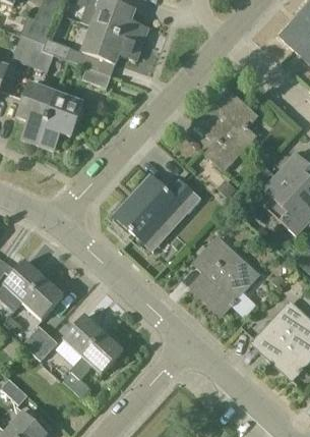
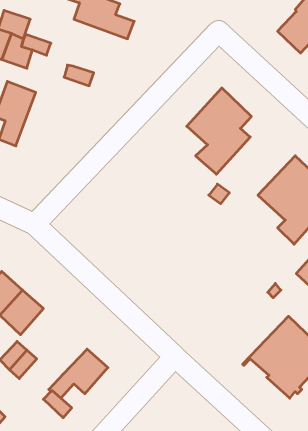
building: [82,24,141,63] -> none
building: [38,93,82,149] -> none
building: [117,174,200,242] -> none
building: [191,237,257,313] -> none
building: [63,314,104,356] -> none

